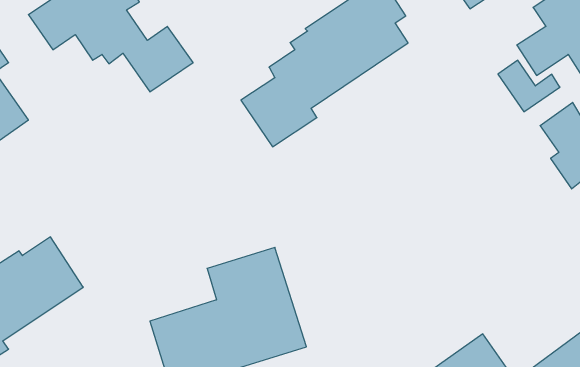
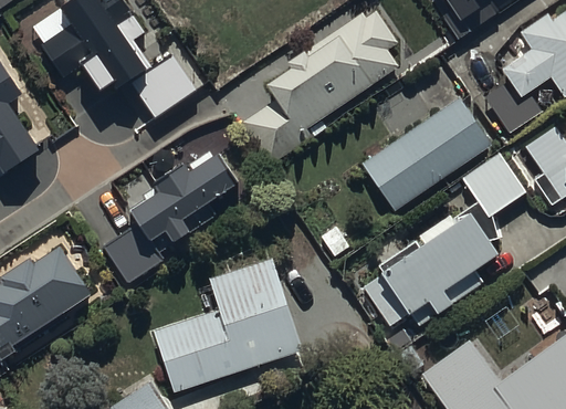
building: none -> [361,97,492,212]
building: none -> [104,149,239,275]
building: none -> [461,151,527,219]
building: none -> [363,200,499,326]

